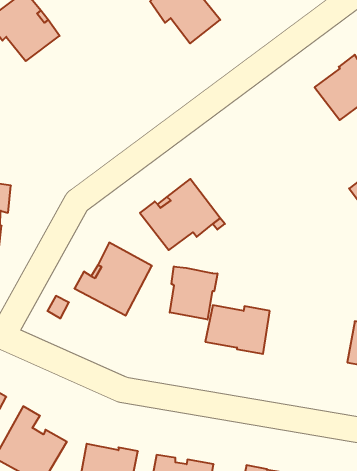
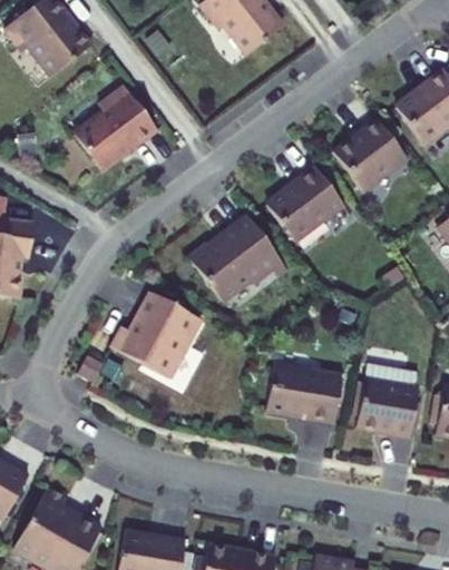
building: none -> [74,85,157,170]
building: none -> [333,118,408,190]
building: none -> [266,165,345,239]
building: [170,266,217,320] -> none
building: none -> [355,377,419,436]

